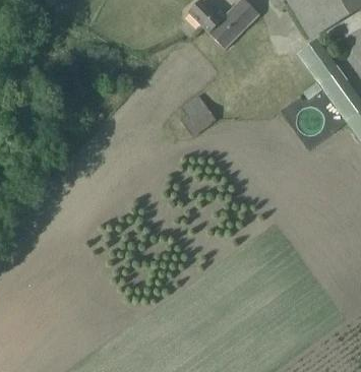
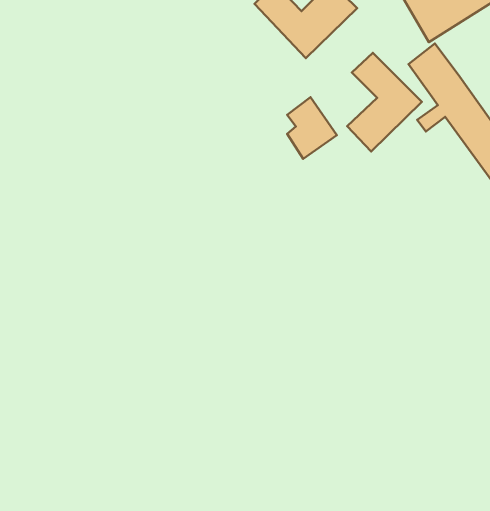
building: none -> [347,53,422,151]
building: [183,92,218,135] -> [287,97,337,159]

